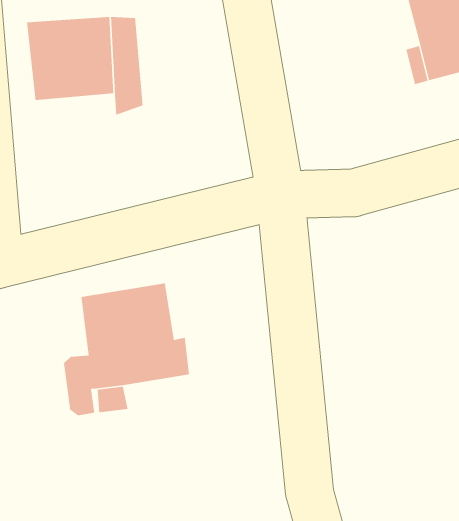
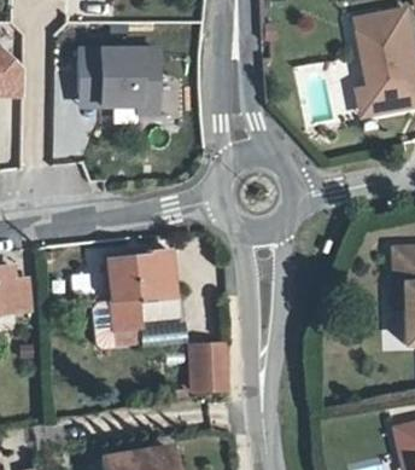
building: none -> [191,344,229,391]

